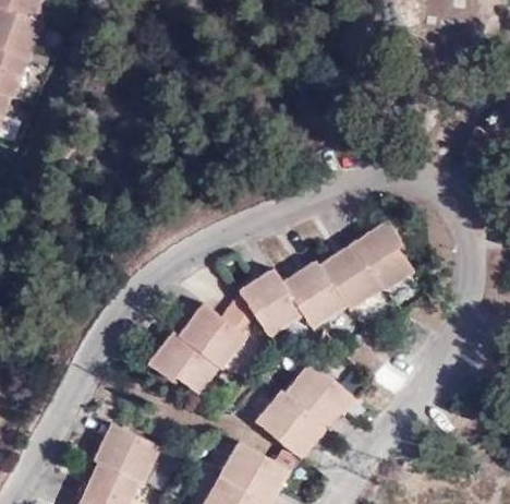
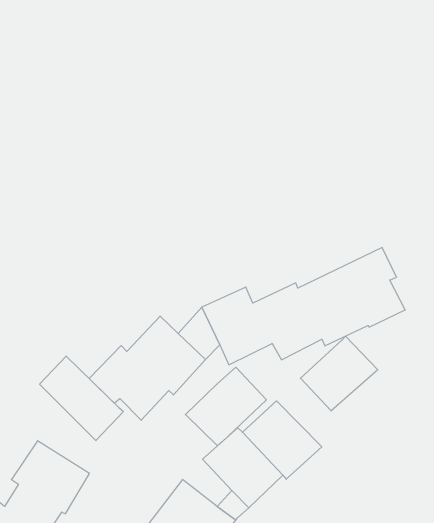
building: none -> [300,336,378,411]
building: none -> [185,367,266,446]
building: none -> [40,356,123,441]

